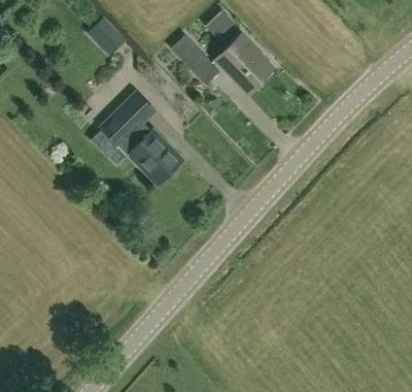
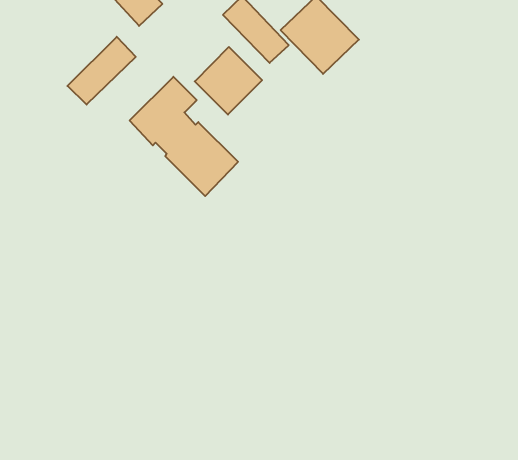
building: none -> [67,37,136,105]
building: none -> [195,47,262,115]

